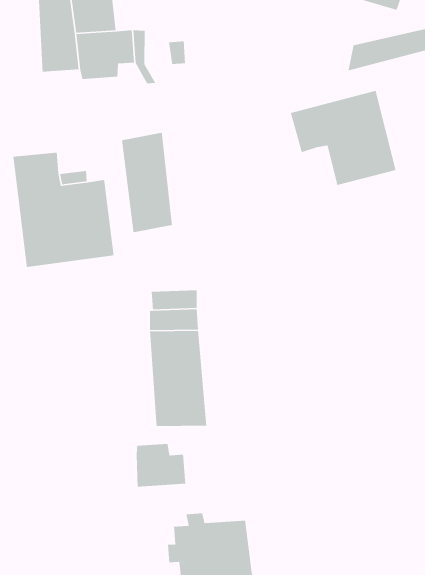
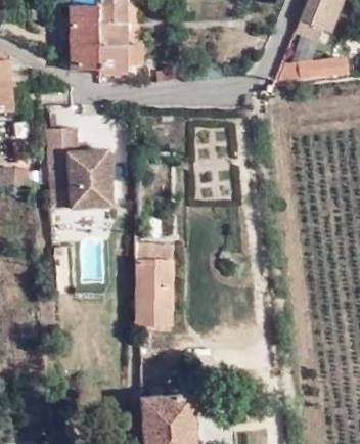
building: [290,90,396,186] -> none
building: [121,132,173,233] -> none
building: [136,443,186,488] -> none

